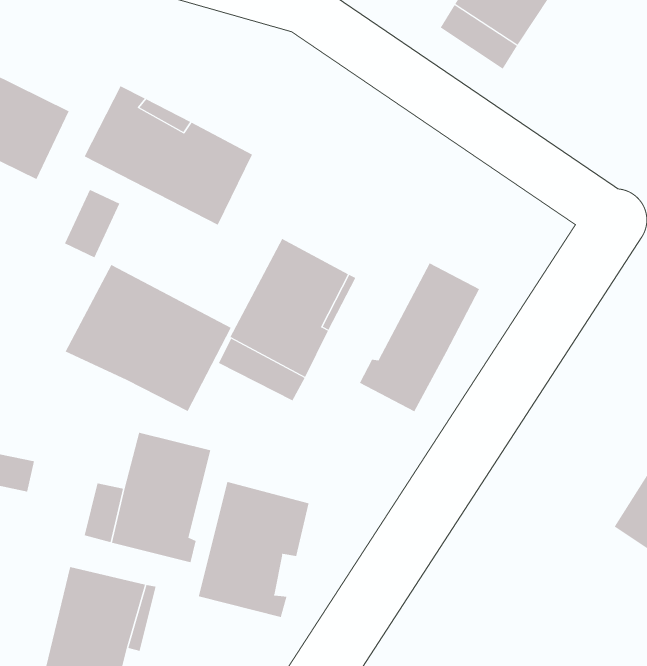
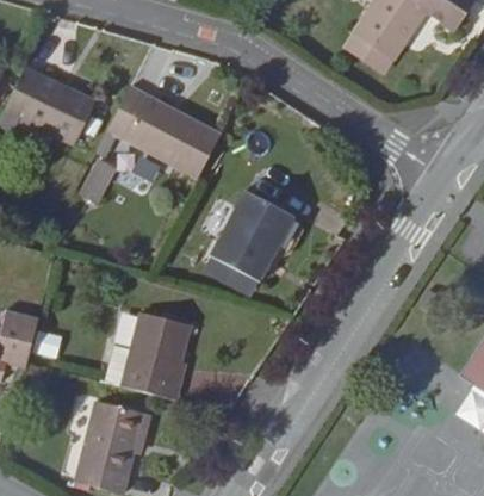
building: [359,263,480,412] -> none
building: [65,264,232,412] -> none
building: [198,481,309,618] -> none

